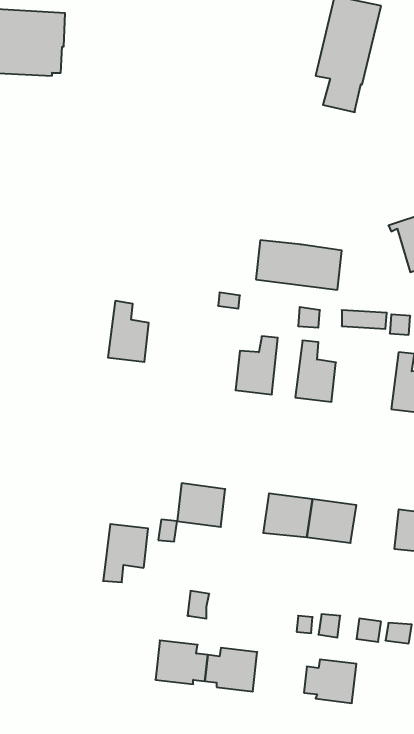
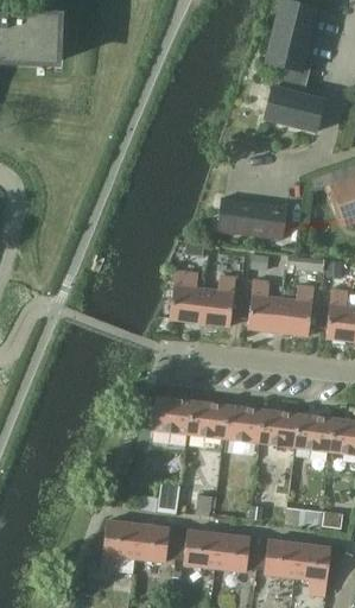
building: none -> [265,88,327,132]
building: [108,301,149,362] -> [171,271,204,321]
building: none -> [279,285,313,334]
building: none -> [189,401,228,437]
building: none -> [294,414,334,450]
building: [103,524,148,582] -> [102,521,139,569]
building: none -> [215,534,259,570]
building: none -> [296,544,330,594]

